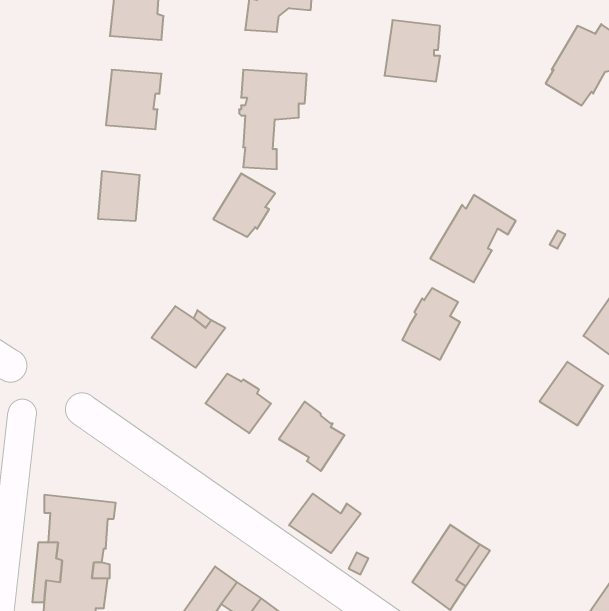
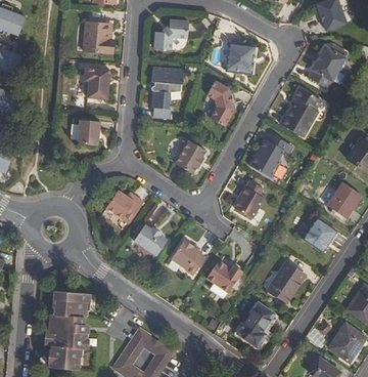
building: none -> [206,80,234,126]
building: none -> [280,86,322,136]
building: [213,173,275,237] -> [175,140,206,173]
building: none -> [268,260,304,301]
building: [289,494,361,553] -> [206,260,243,291]

